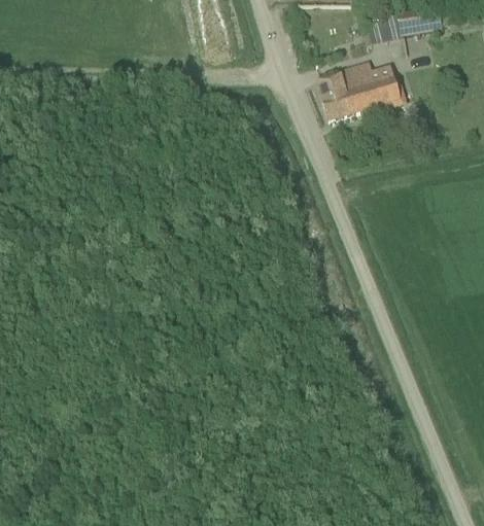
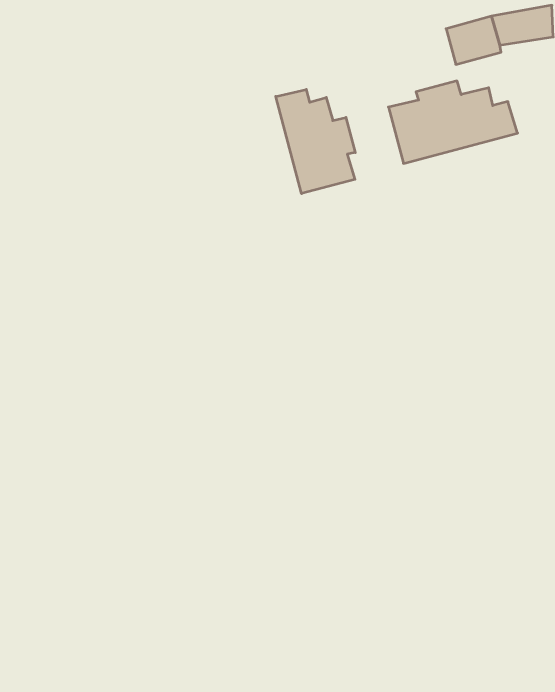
building: none -> [276,89,355,194]

